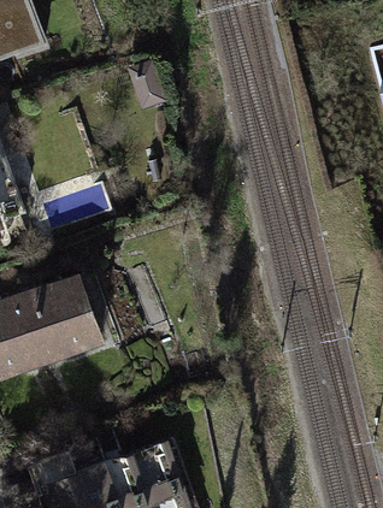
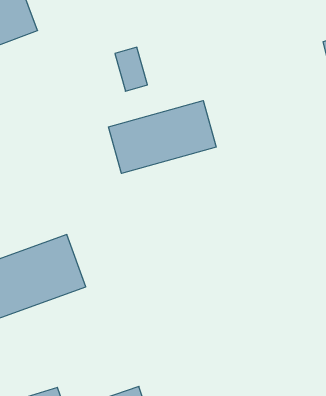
building: none -> [109,101,216,173]

